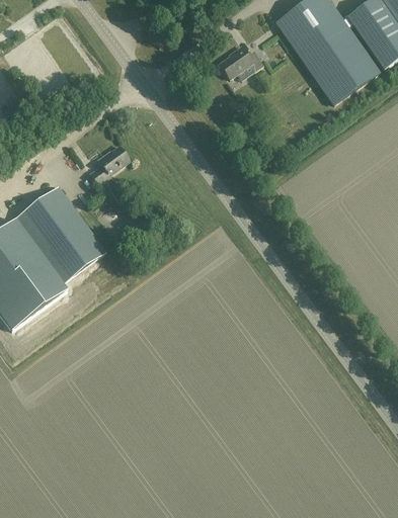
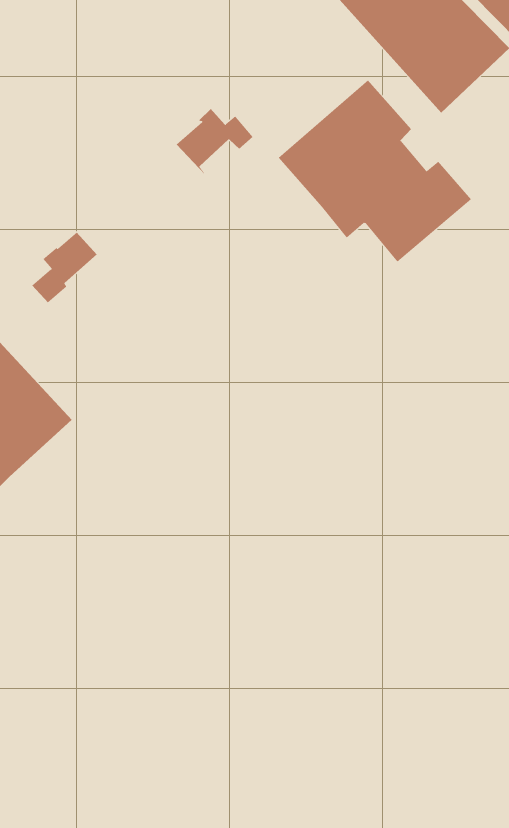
building: [219,46,263,83] -> [176,108,254,175]
building: none -> [278,80,472,262]

